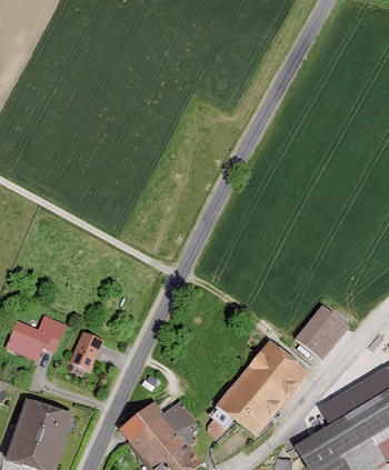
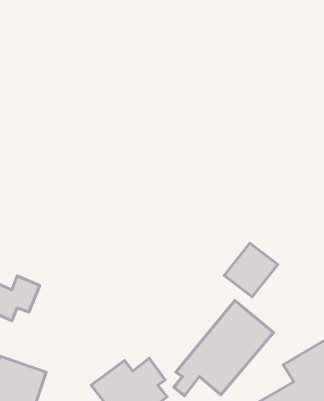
building: [295,304,350,360] -> [224,243,278,297]
building: [69,331,103,371] -> none

